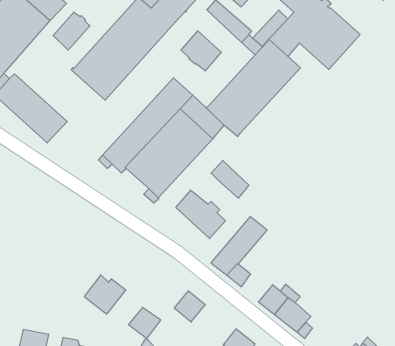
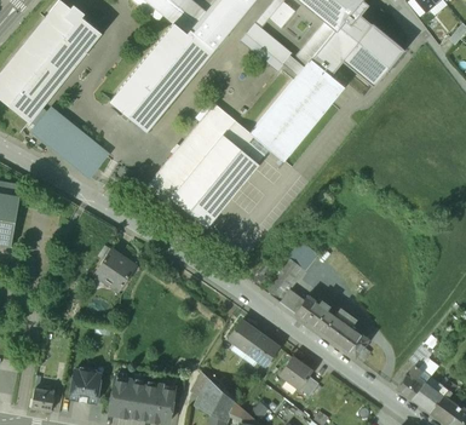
building: [53,12,90,50] -> none
building: [181,31,221,71] -> none
building: [211,160,249,198] -> none
building: [176,190,225,239] -> none
building: none -> [295,295,329,328]
building: [84,275,126,314] -> [93,252,136,292]
building: [129,307,161,338] -> [246,334,278,366]

